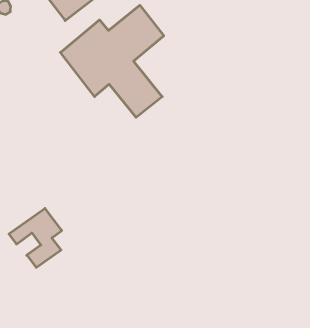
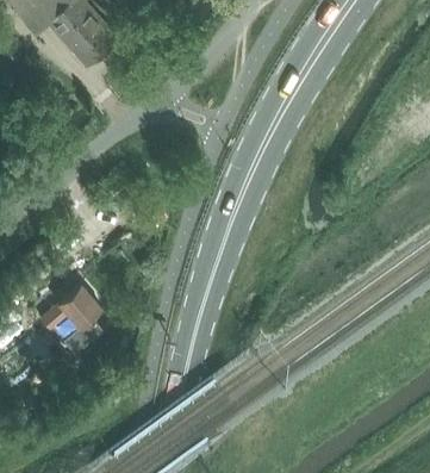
building: [60,5,164,117] -> none

